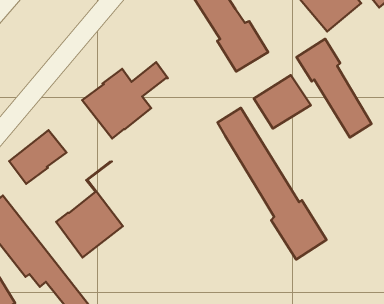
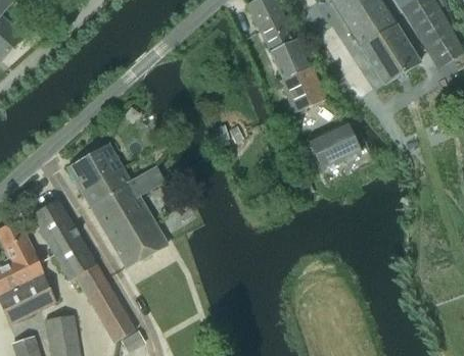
building: [297,39,371,137] -> none
building: [82,62,168,138] -> [81,164,165,231]
building: [218,108,327,260] -> none

